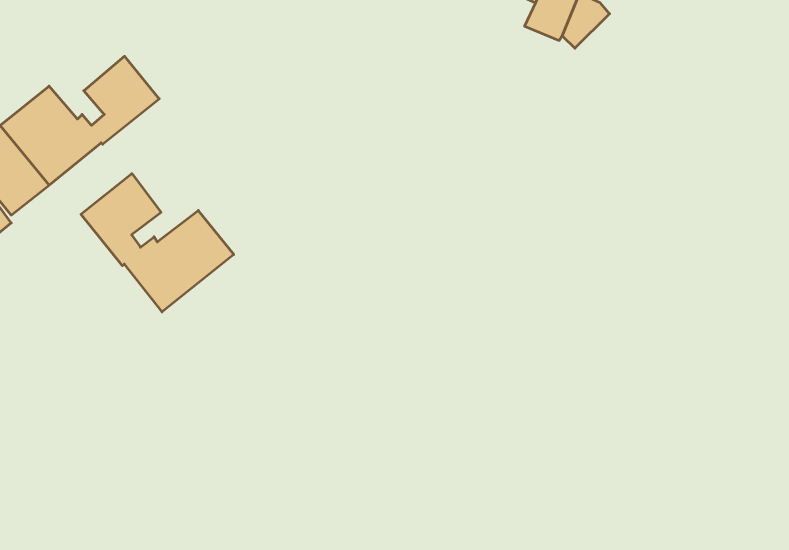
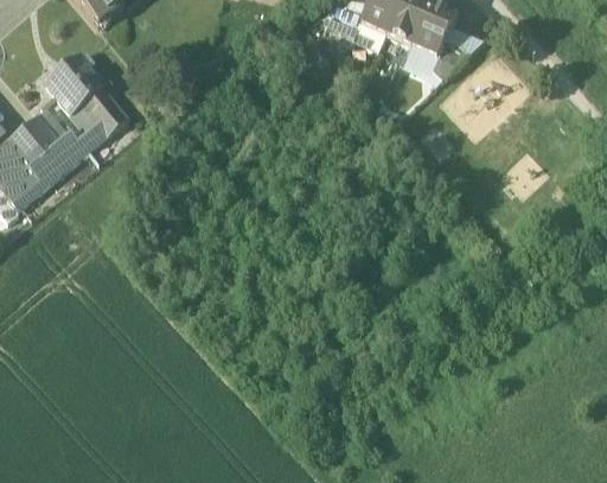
building: none -> [49,49,109,109]
building: [81,174,234,312] -> none

